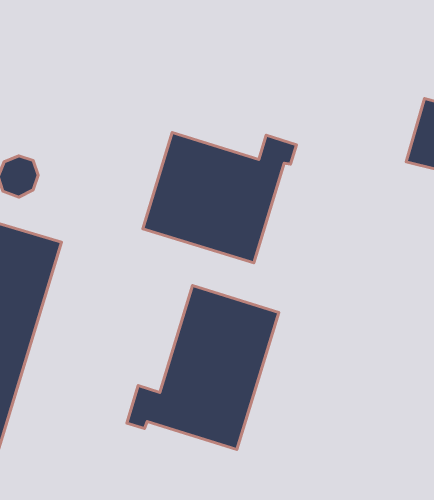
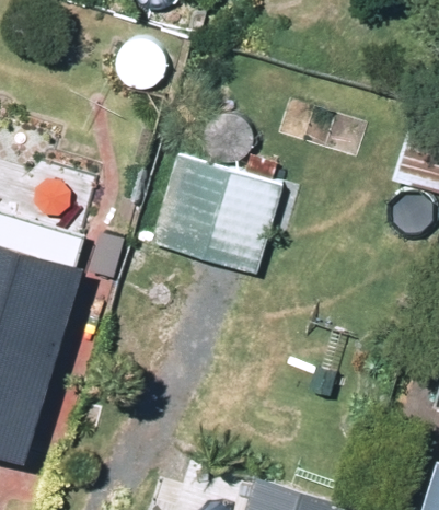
building: [127,285,279,449] -> none

